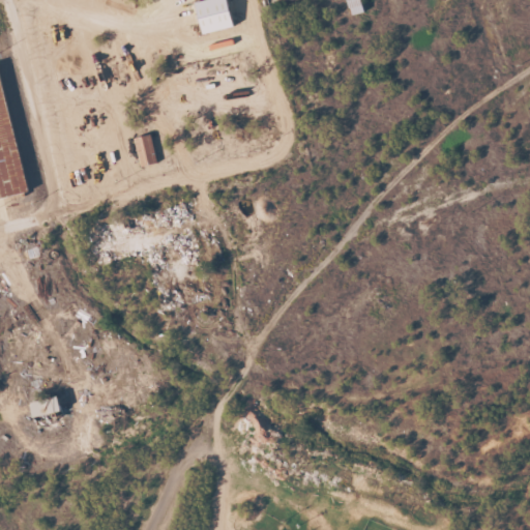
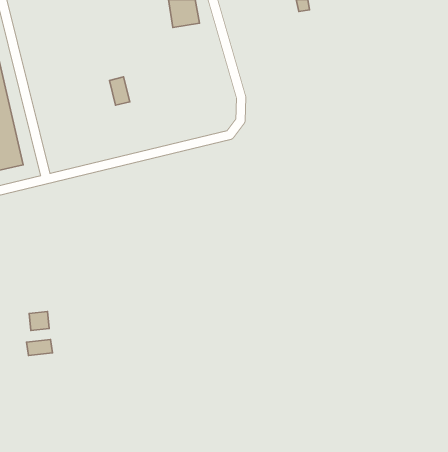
building: [130,132,154,166] -> [109,77,130,105]
building: none -> [29,311,49,331]

